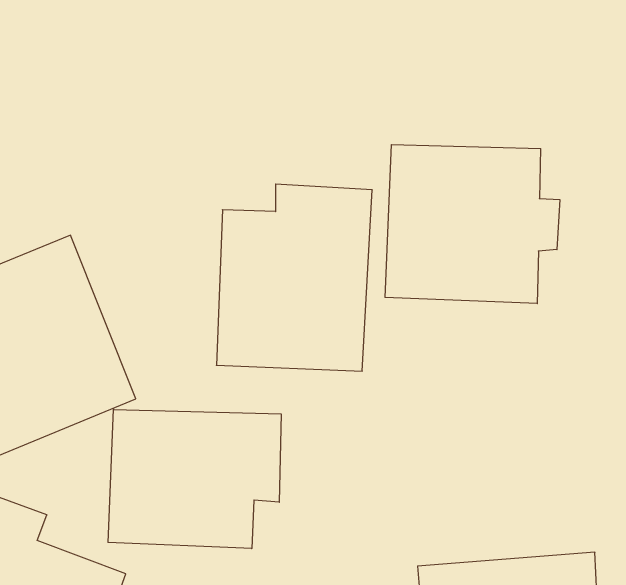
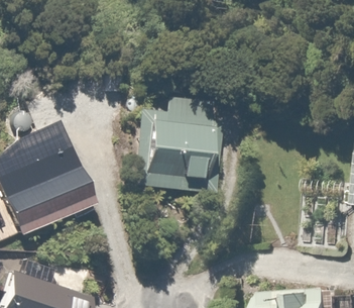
building: [385,145,560,304] -> none
building: [108,409,281,549] -> none

